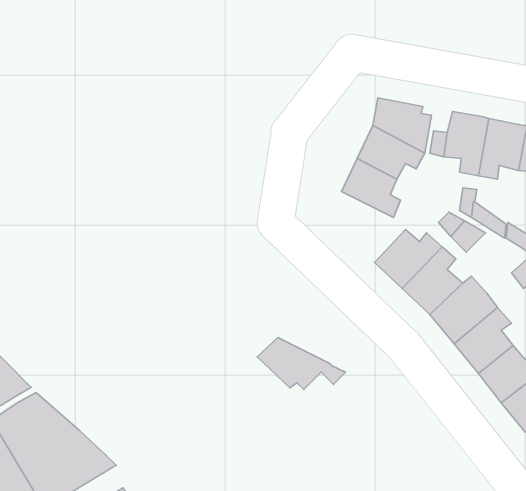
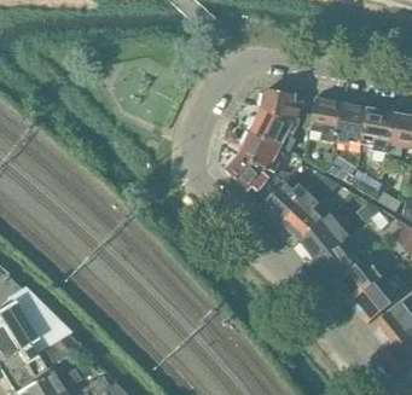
building: [257,338,345,390] -> [225,153,286,190]

